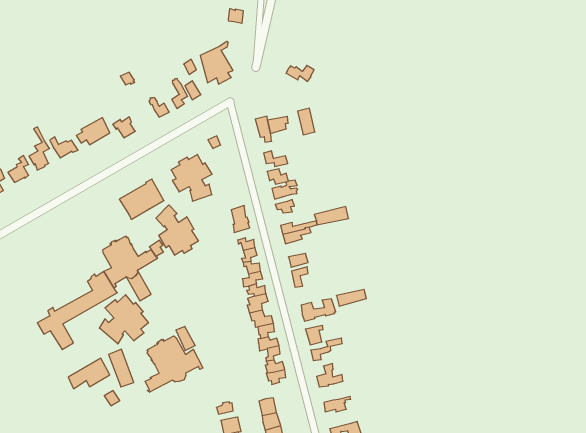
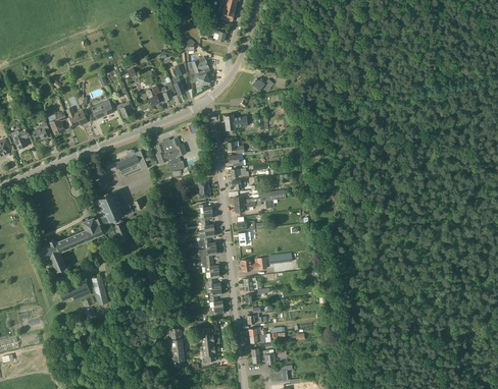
building: [156,205,198,255] -> none
building: [99,295,148,344] -> none
building: [145,336,203,392] -> none

